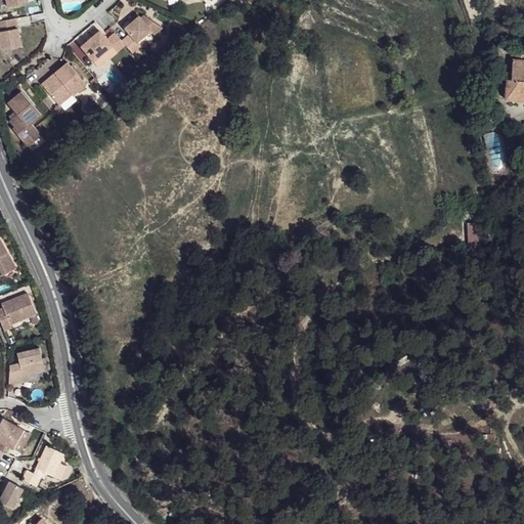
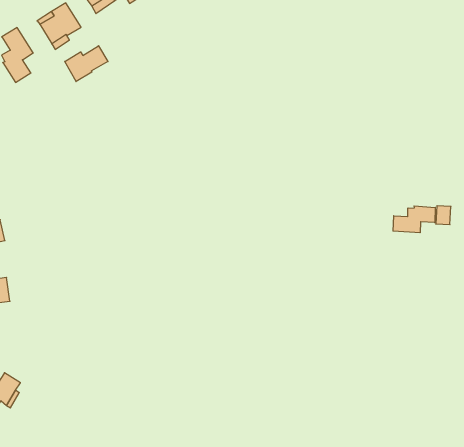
building: none -> [65,46,108,82]
building: none -> [393,206,435,233]

